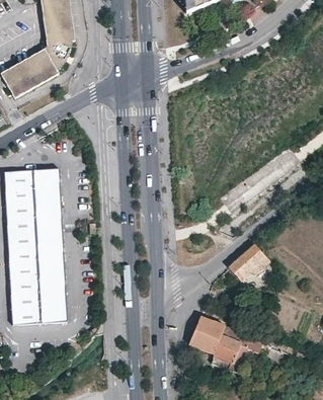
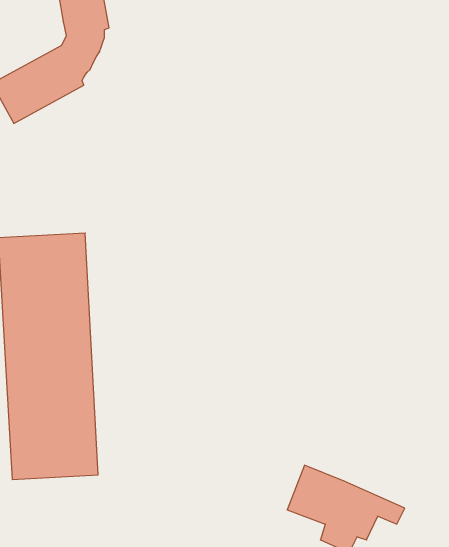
building: [227,244,268,282] -> none

